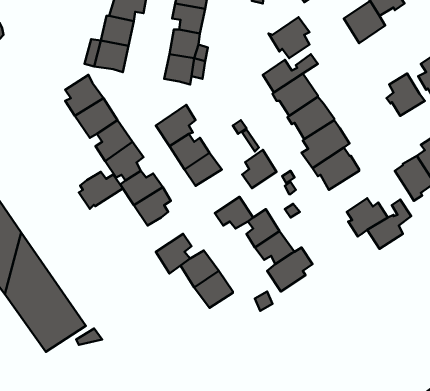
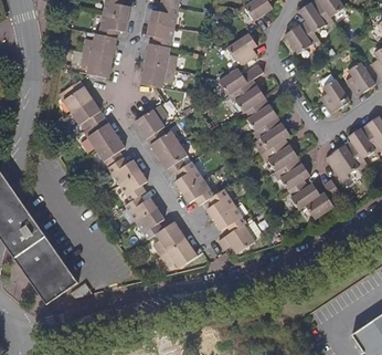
building: [242,150,277,188] -> [174,160,202,191]
building: none -> [273,157,310,190]
building: [79,172,123,209] -> [121,195,157,225]

